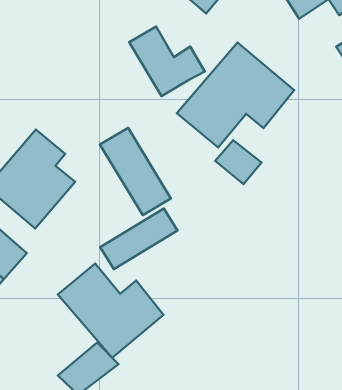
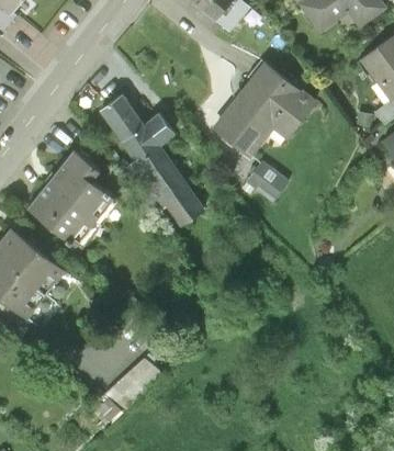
building: [129,27,205,96] -> [101,98,176,165]
building: [100,209,178,269] -> none
building: [58,264,163,358] -> none

